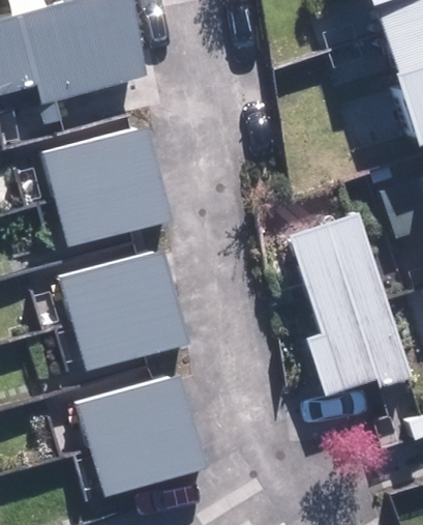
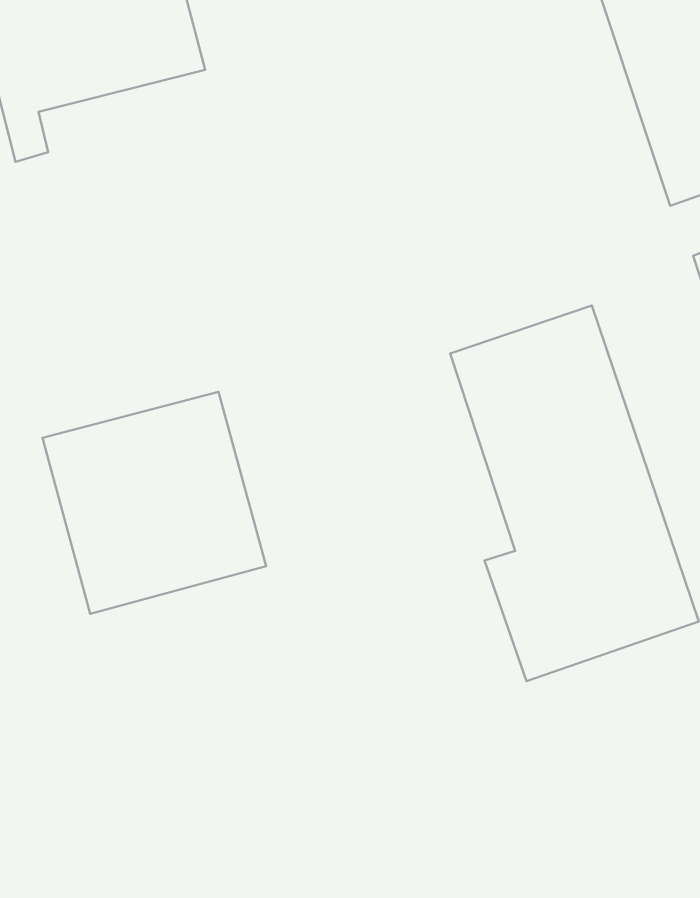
building: [46,125,167,245] -> none
building: [80,372,201,492] -> none

